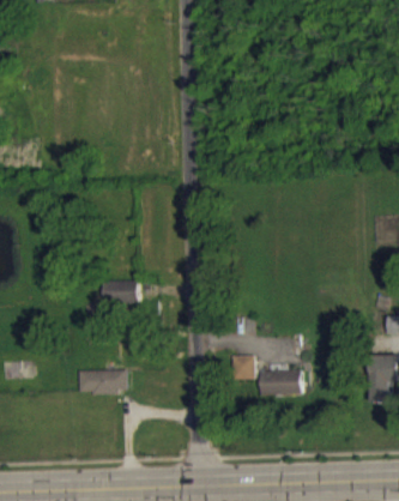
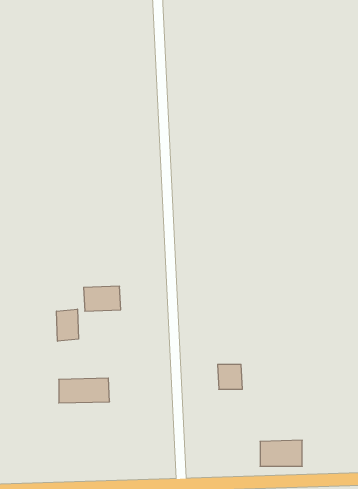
building: none -> [57,309,78,341]
building: [259,370,300,396] -> [260,440,302,466]

